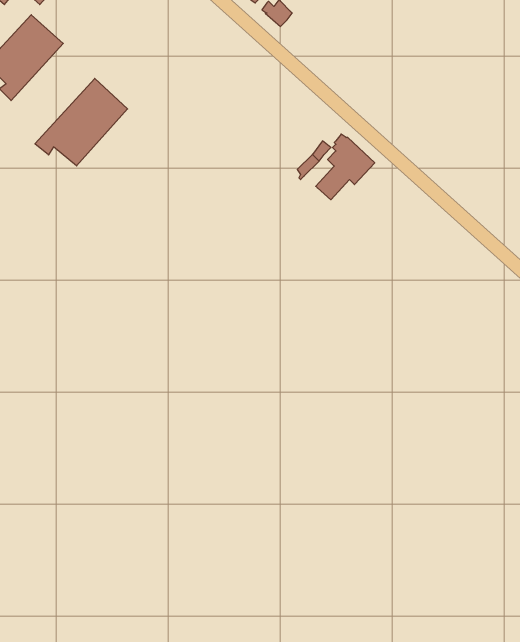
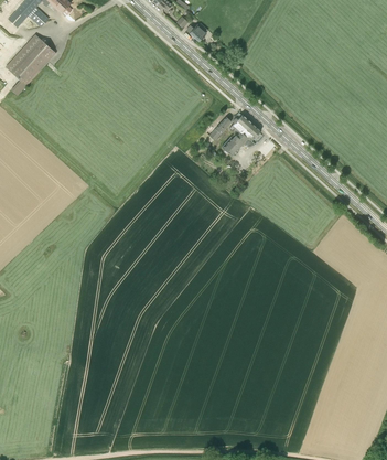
building: [35,78,128,166] -> none

